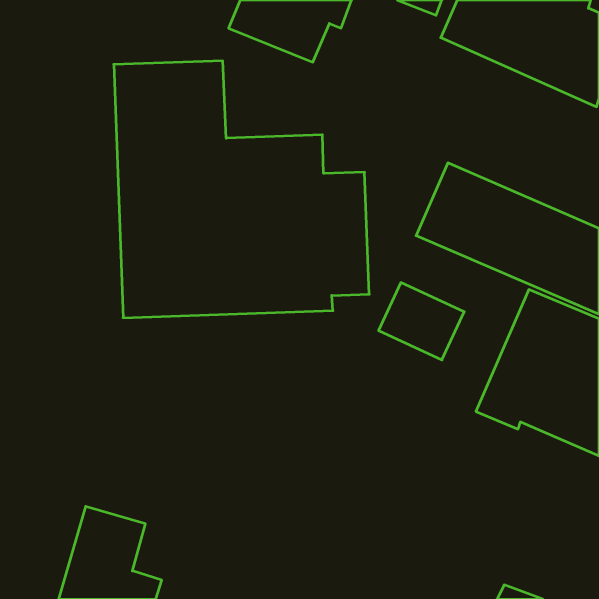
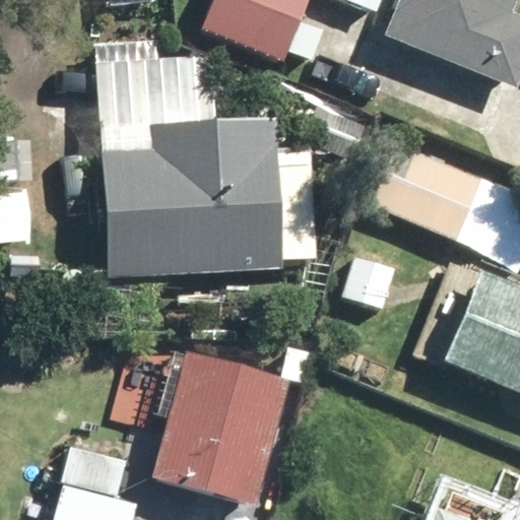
building: none -> [155,345,299,504]

